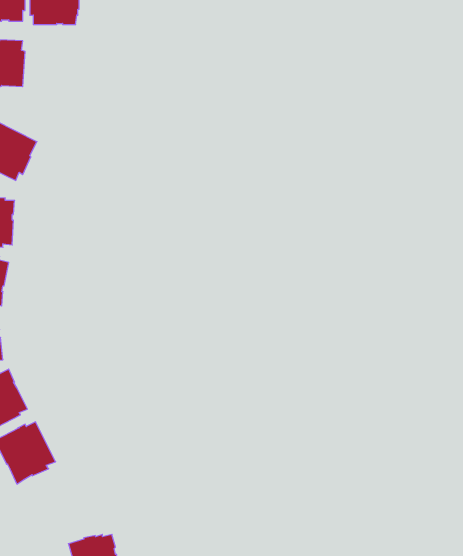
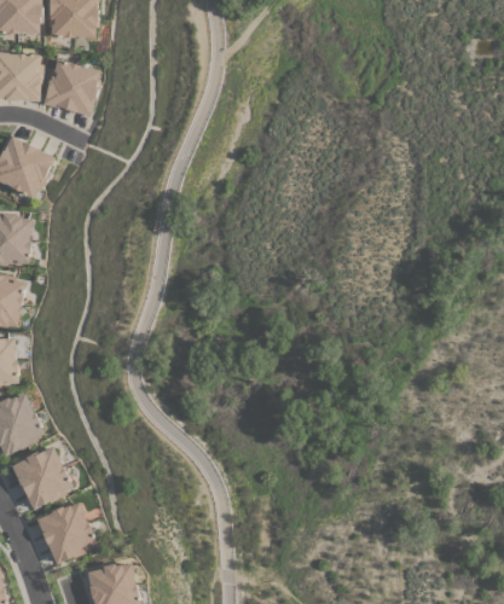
building: none -> [42,58,100,115]
building: none -> [36,501,98,563]

